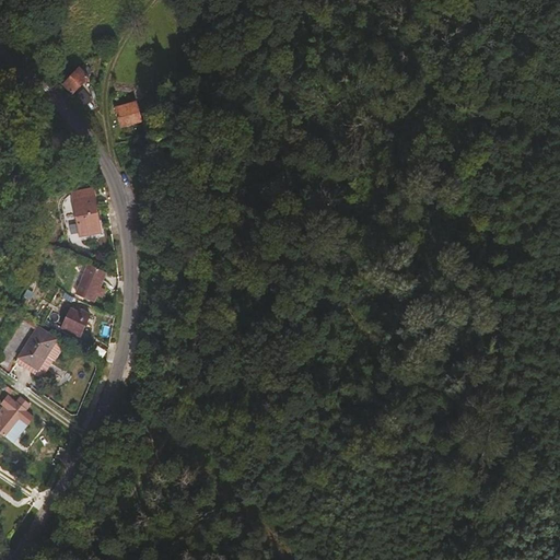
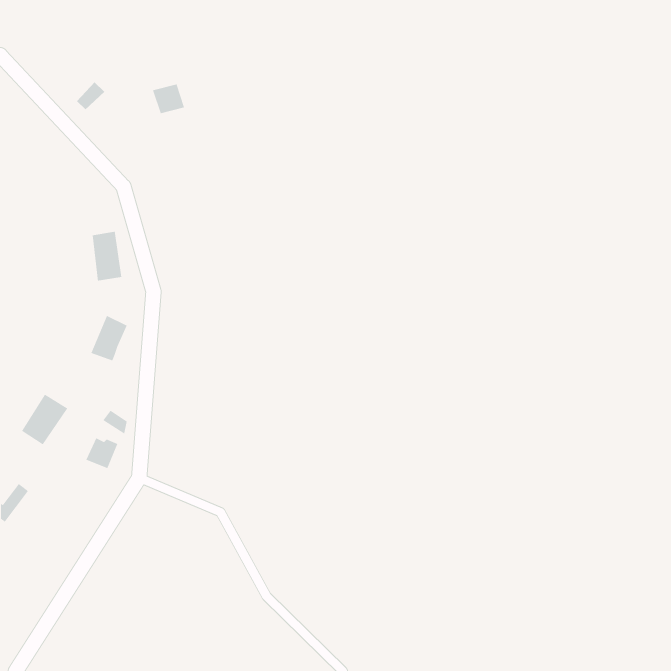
building: [114,102,141,127] -> [152,84,185,114]
building: [61,308,89,335] -> [85,437,118,469]

